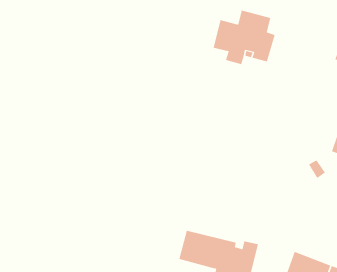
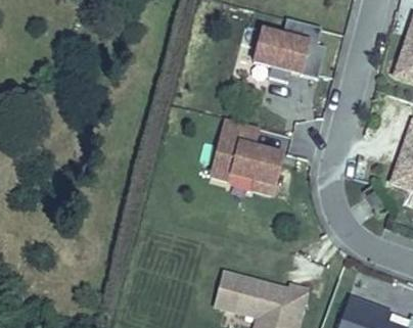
building: none -> [211,118,282,193]

